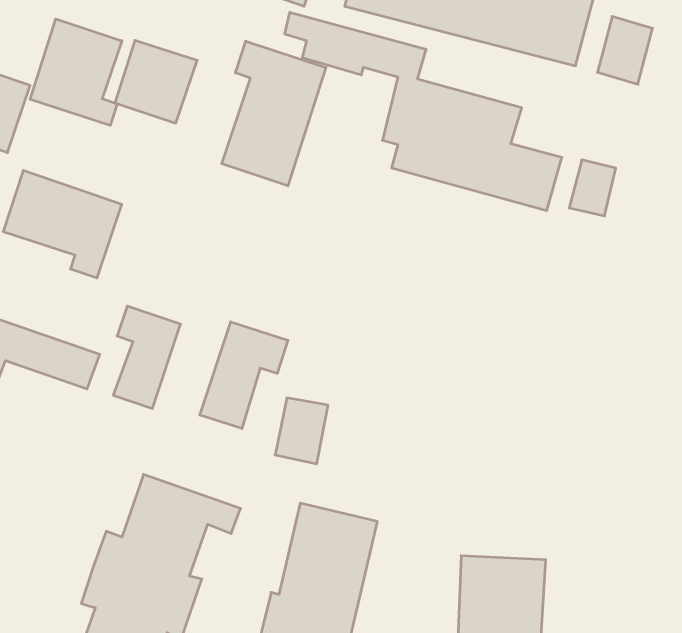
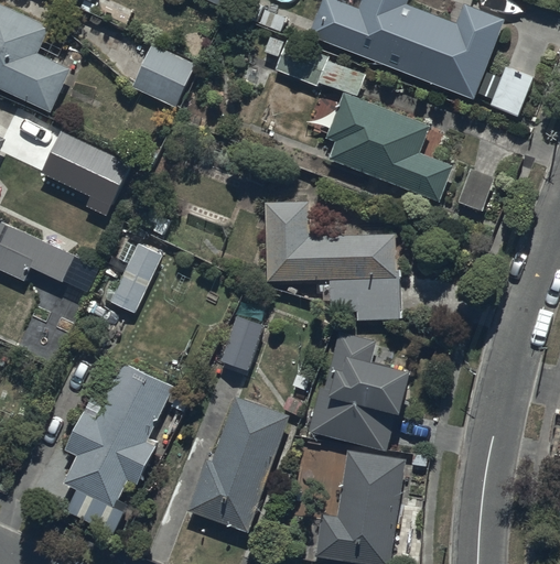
building: [30,19,122,125] -> none
building: [222,41,326,186] -> none
building: none -> [263,202,400,321]
building: [200,322,288,429] -> none
building: none -> [308,333,414,452]

